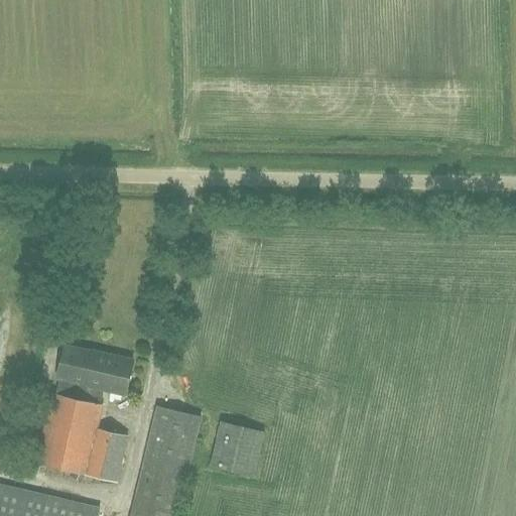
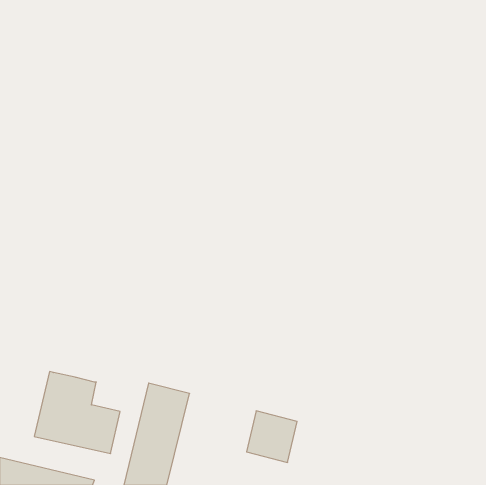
building: [55,345,132,404] -> none
building: [211,420,264,475] -> [247,411,297,462]

